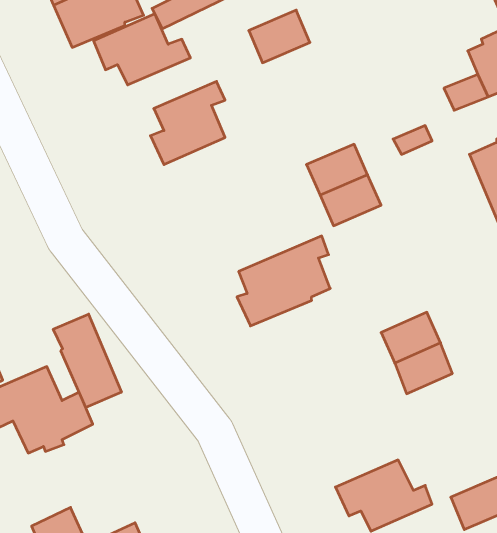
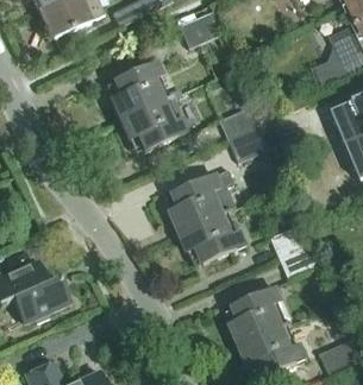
building: [94,14,190,85] -> [118,100,186,150]
building: none -> [179,214,246,264]
building: [53,314,121,407] -> none
building: none -> [230,288,282,345]

